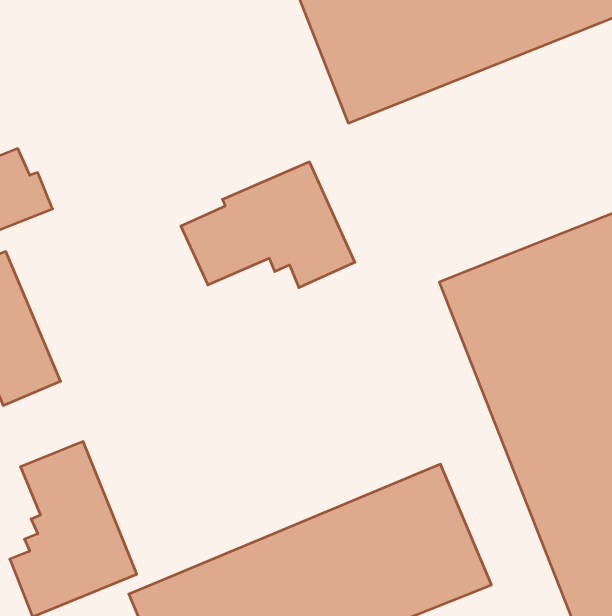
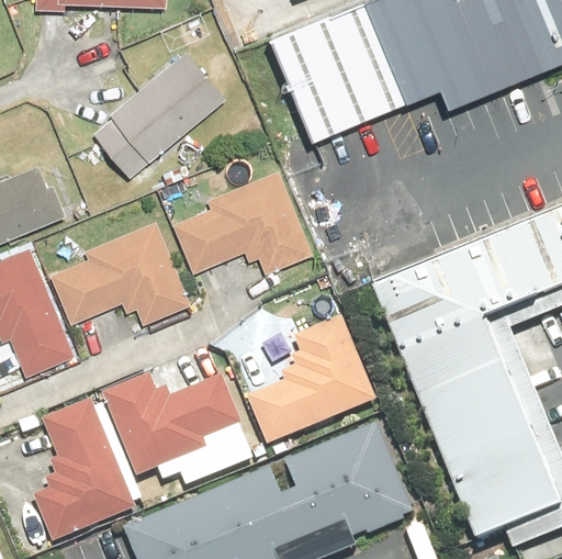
building: none -> [91,49,225,176]
building: none -> [48,222,189,325]
building: none -> [245,318,375,449]
building: none -> [101,376,254,488]

